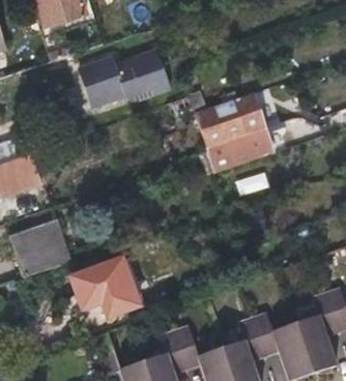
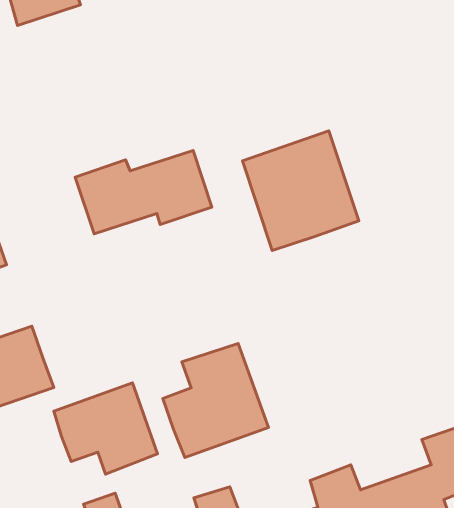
building: [78,52,168,107] -> [75,151,212,234]
building: none -> [163,344,269,458]

